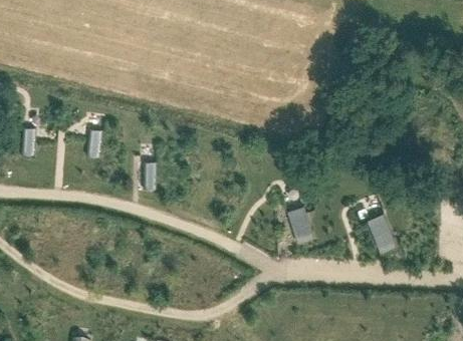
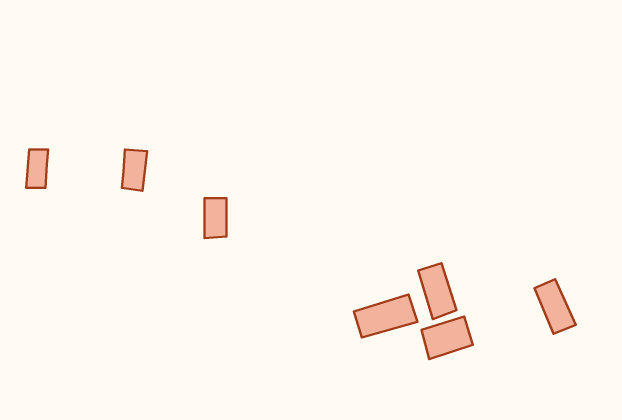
building: none -> [354,295,417,338]
building: none -> [421,317,473,359]

